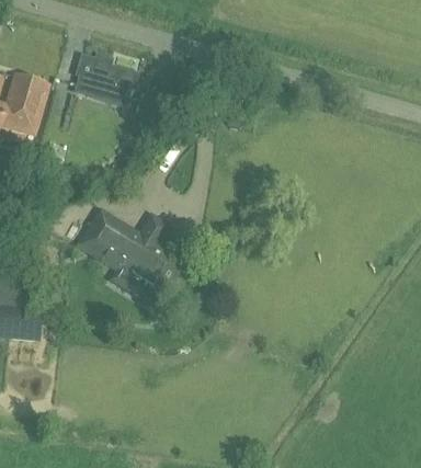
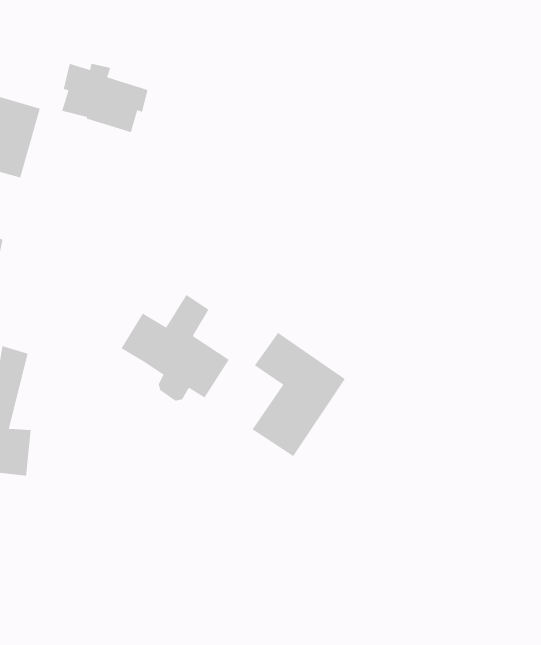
building: [82,207,124,252] -> none
building: none -> [252,332,346,457]

